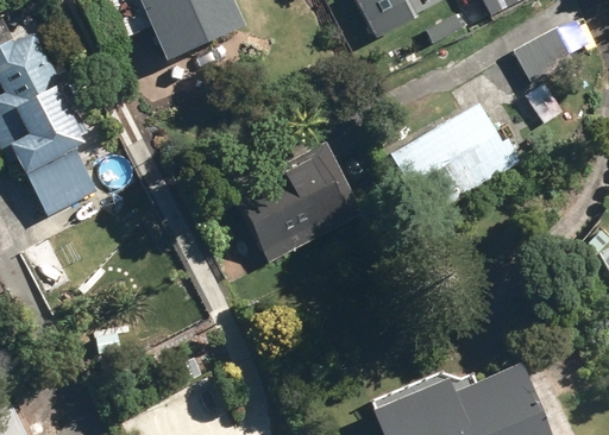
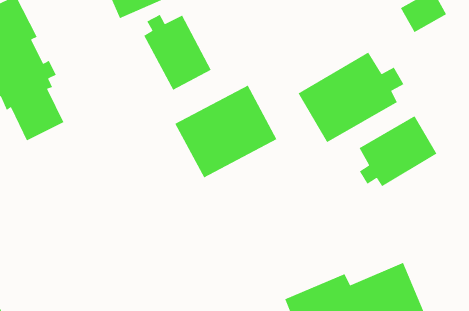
building: none -> [143,14,212,91]
building: none -> [359,115,438,187]

